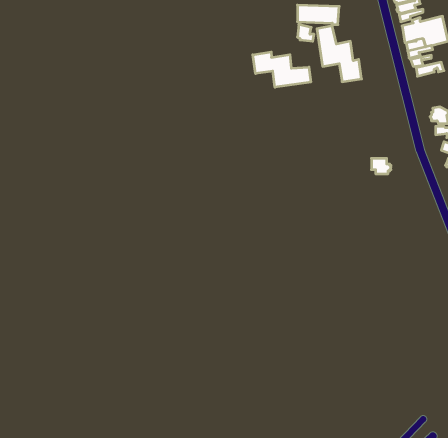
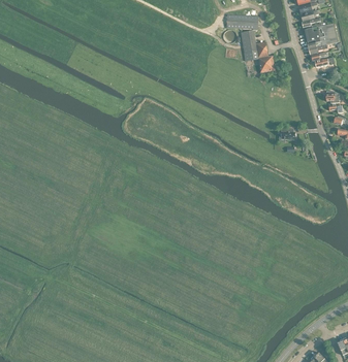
building: [253,52,311,87] -> none

